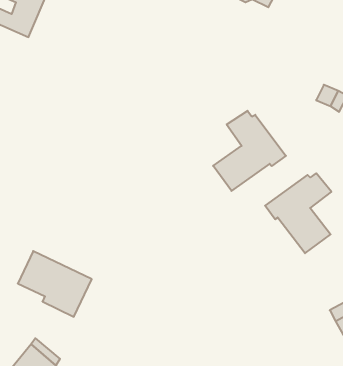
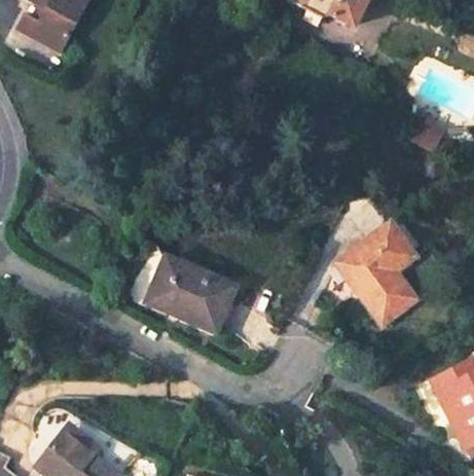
building: [213,111,286,191] -> none
building: [18,251,92,317] -> [147,254,236,333]

